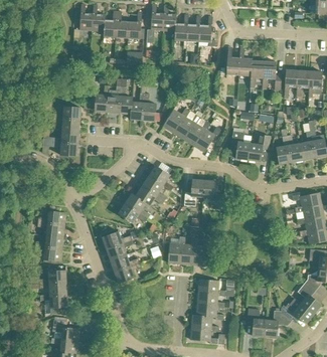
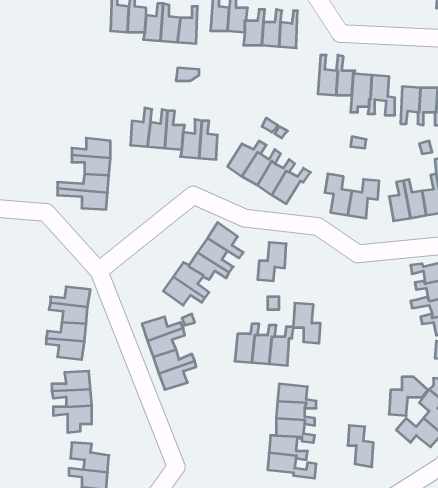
building: [203,180,222,208] -> [293,303,320,343]
building: [265,311,292,338] -> [389,377,428,416]

